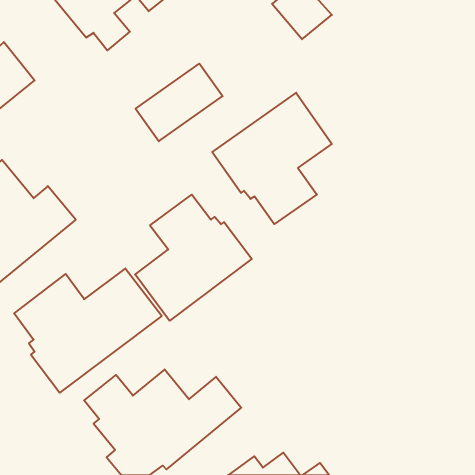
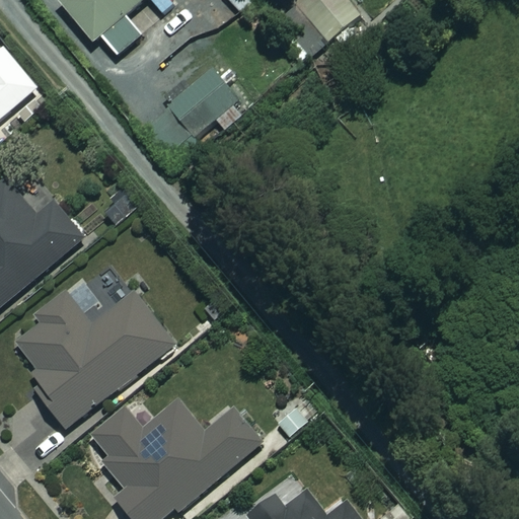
building: [212,93,332,224] -> none
building: [135,195,252,321] -> none

